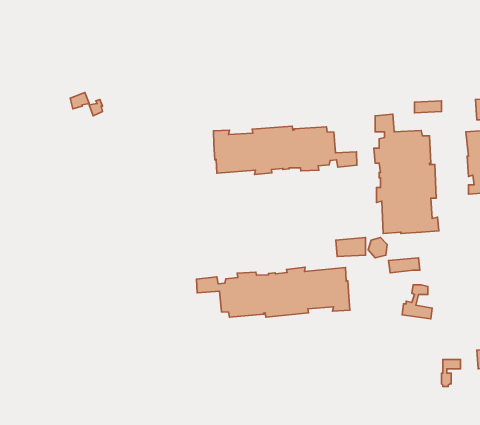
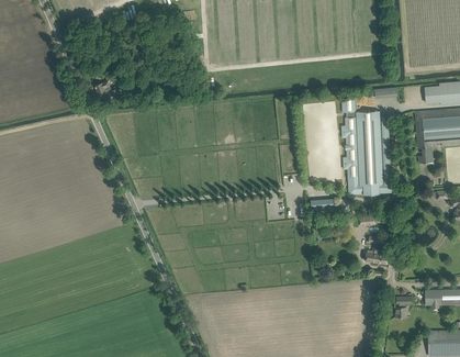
building: [213,126,357,174] -> none
building: [196,267,350,317] -> none

